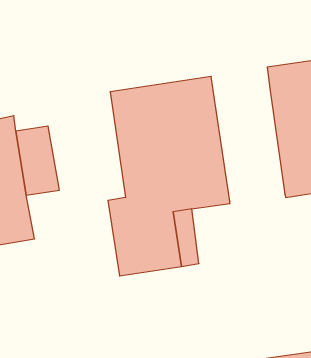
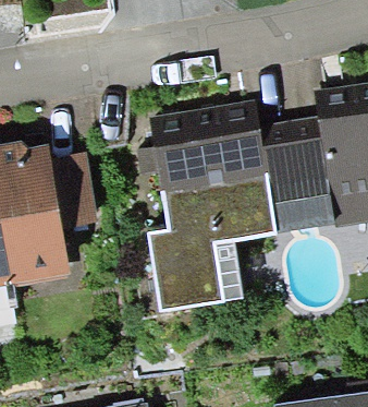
building: none -> [259,116,333,232]

